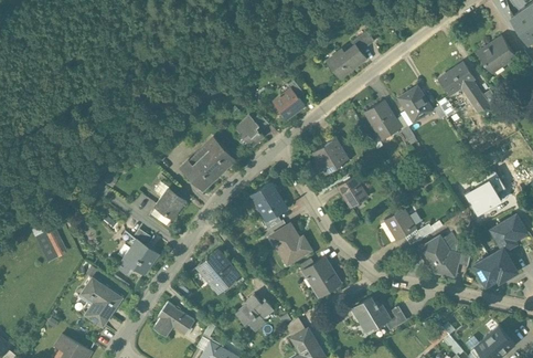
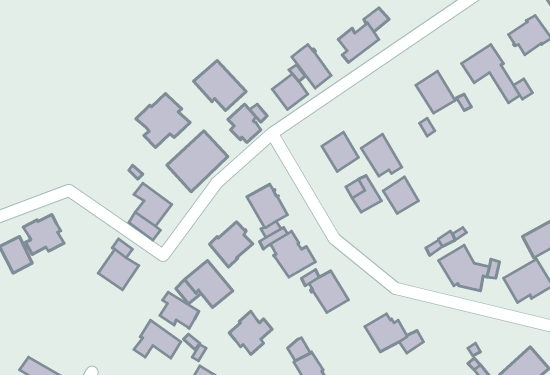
building: none -> [292,44,331,88]
building: none -> [193,61,246,111]
building: [365,101,401,137] -> [361,134,402,176]
building: none -> [136,93,190,148]
building: [465,172,505,215] -> none
building: [385,209,416,241] -> [383,177,419,214]
building: none -> [23,215,64,254]
building: none -> [210,222,253,267]
building: none -> [160,292,199,328]
building: [78,278,121,327] -> none

